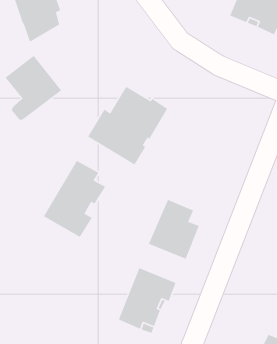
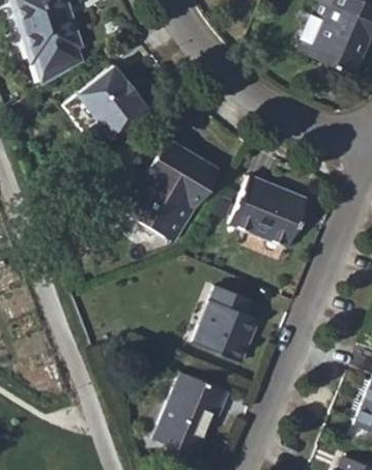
building: [5,55,62,121] -> [80,60,153,144]
building: none -> [231,174,307,245]
building: [43,160,106,238] -> none

